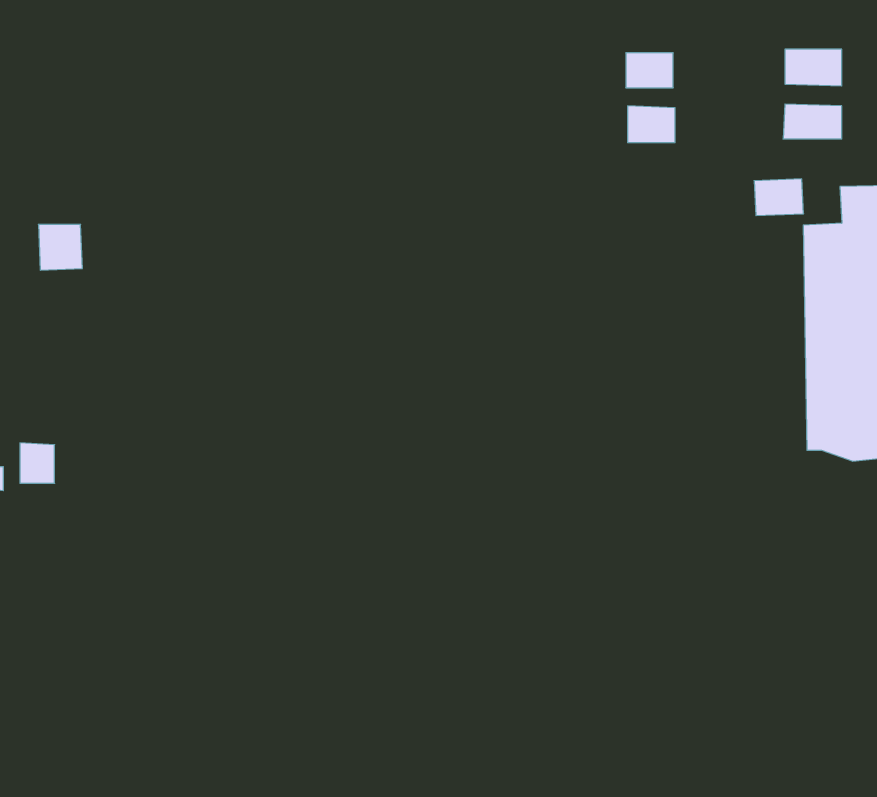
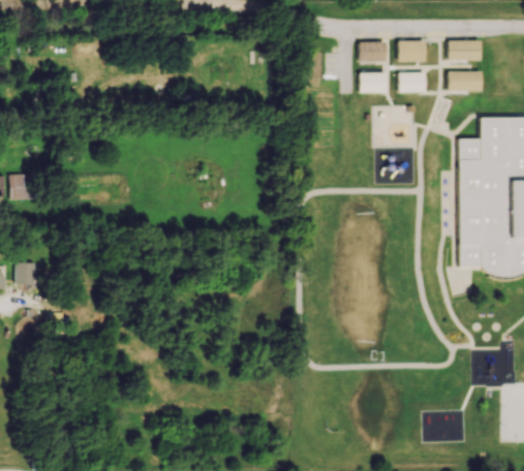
building: none -> [398,41,426,62]
building: [754,179,804,216] -> [398,72,426,93]
building: [38,224,82,270] -> [10,175,35,200]

